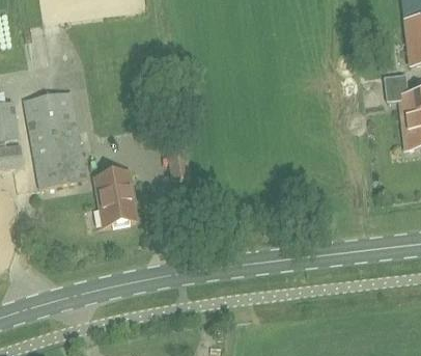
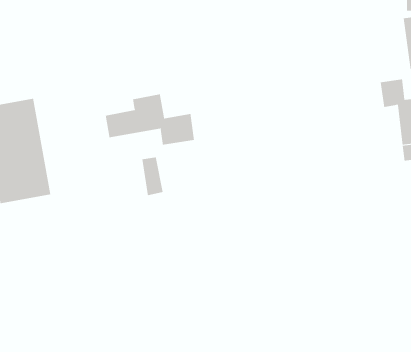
building: none -> [105,94,195,146]
building: [94,169,134,224] -> none

